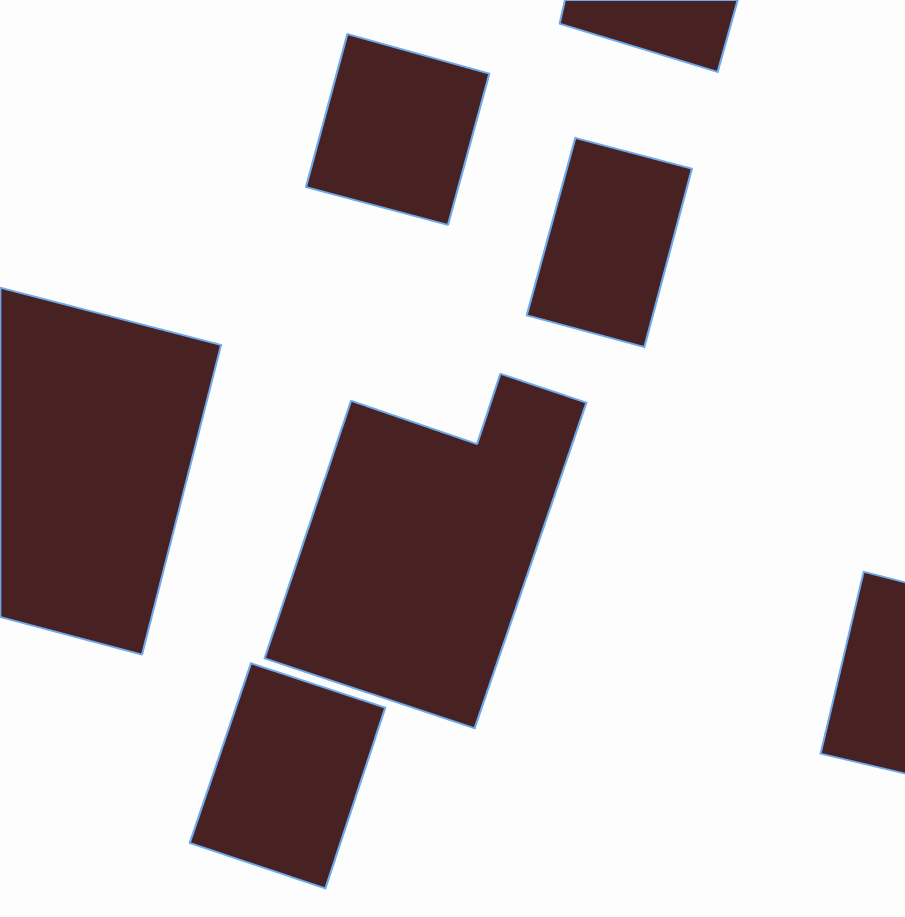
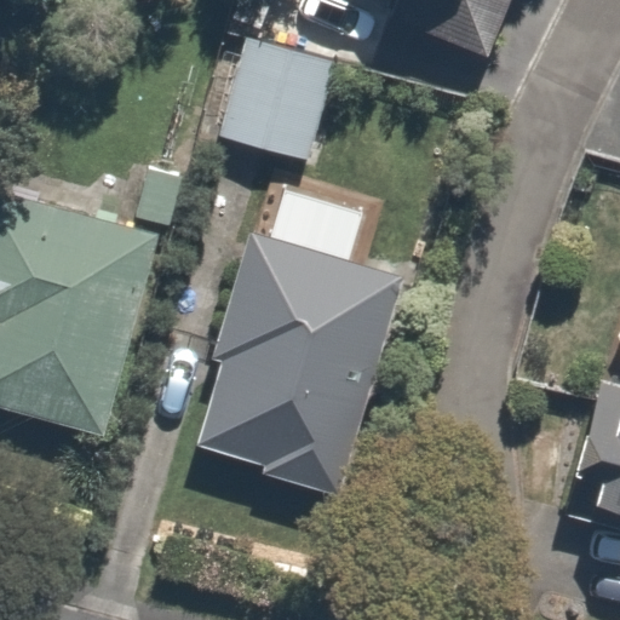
building: [527,138,692,347] -> none
building: [190,663,385,889] -> none

